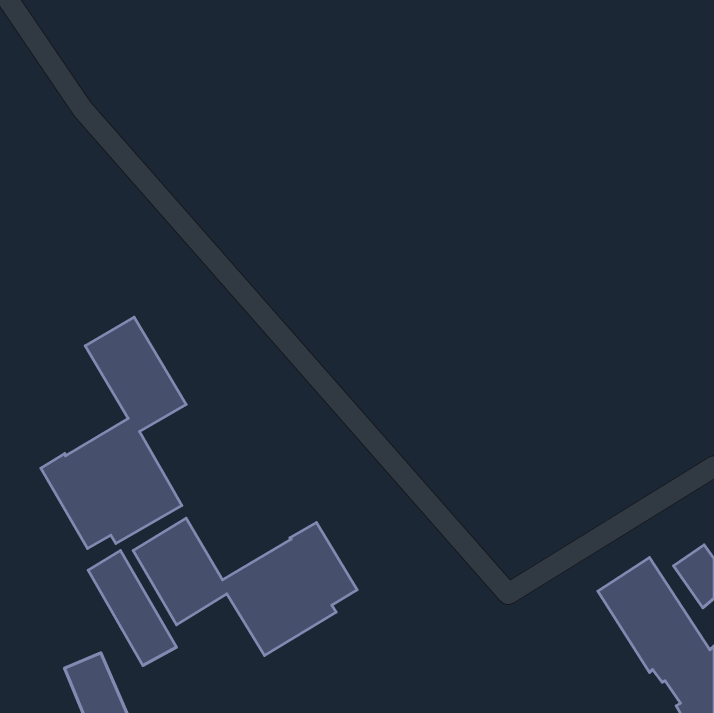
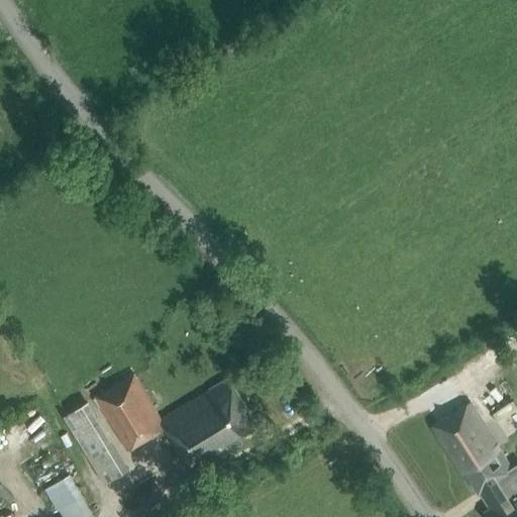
building: [41,317,186,549] -> none

